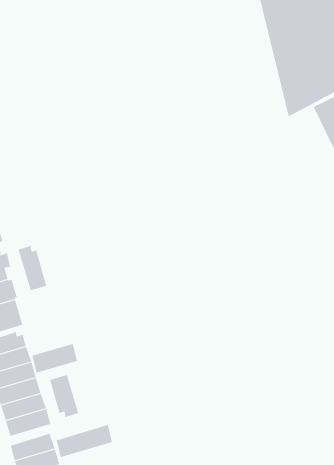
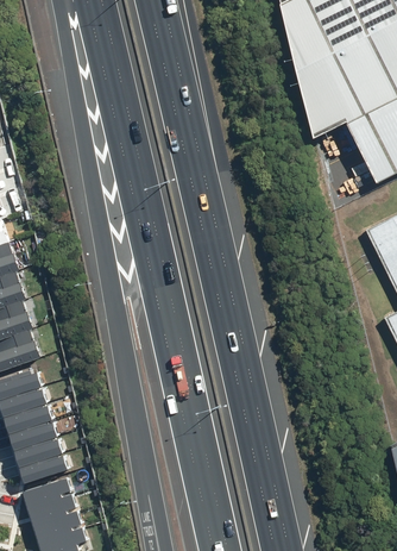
building: [18,245,47,291] -> none
building: [32,343,78,373] -> none
building: [50,374,79,418] -> none
building: [56,424,112,458] -> none

